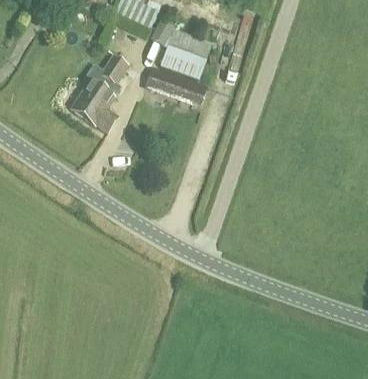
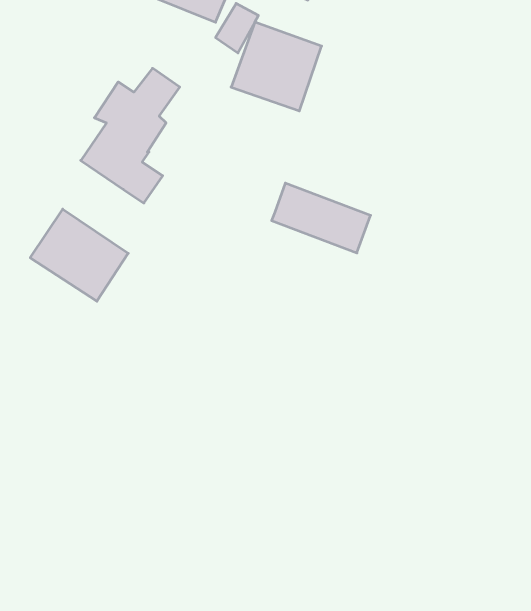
building: [146,66,204,107] -> [272,183,371,253]
building: none -> [30,209,128,301]

